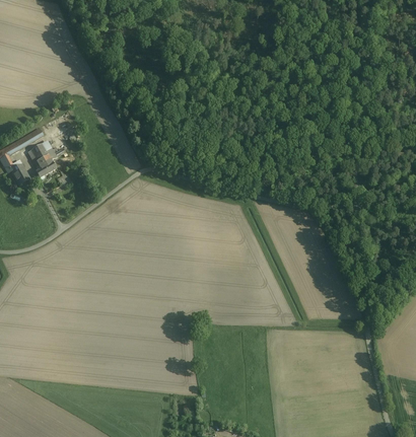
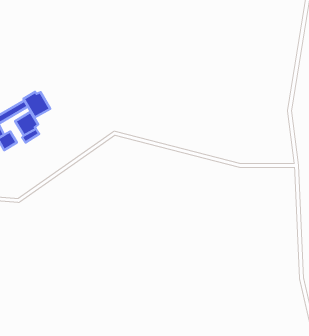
building: none -> [24,92,50,117]

